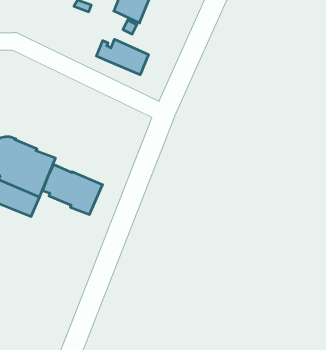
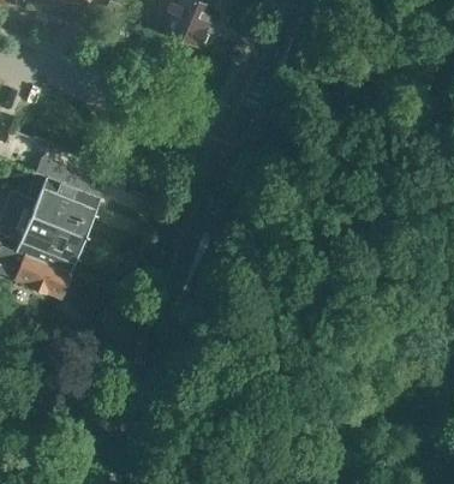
building: [96,39,148,75] -> none
building: [42,164,103,214] -> [29,160,107,225]

